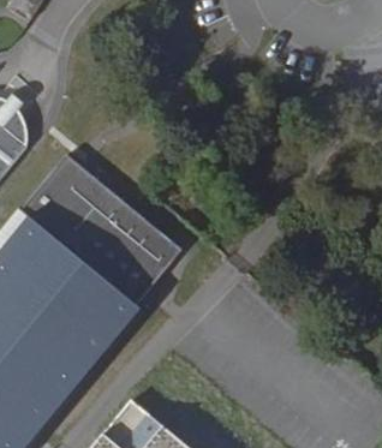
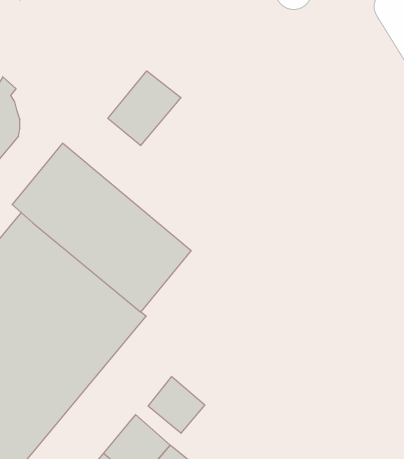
building: none -> [108,71,181,146]
building: none -> [148,377,205,433]

